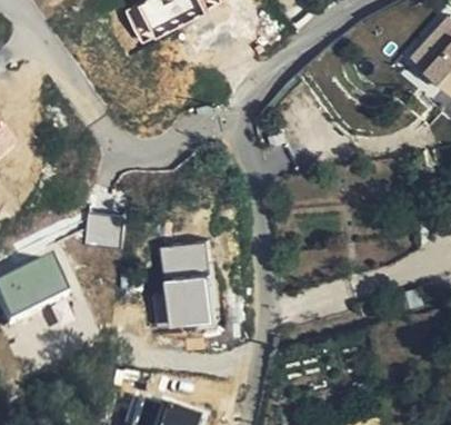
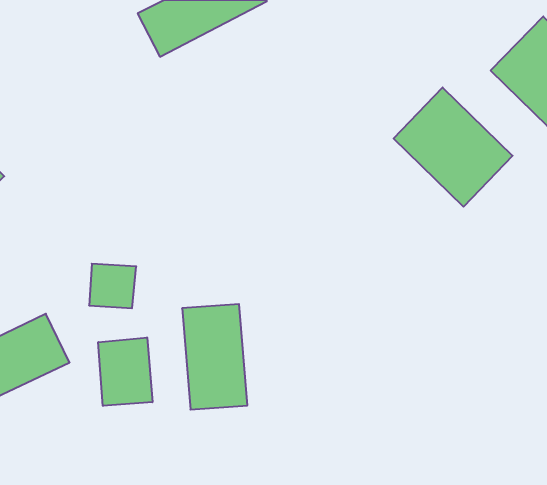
building: none -> [394,87,513,207]
building: none -> [98,337,152,406]

